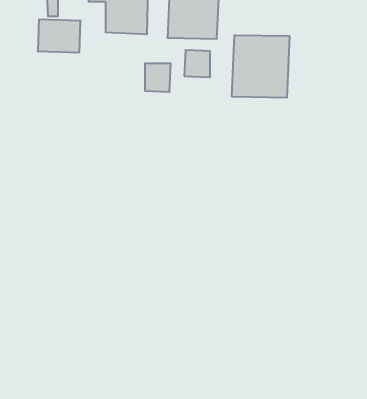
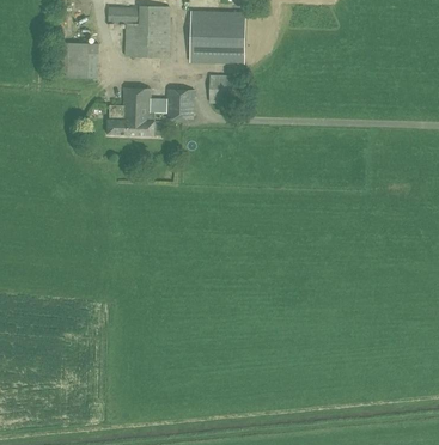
building: [232,35,290,98] -> none
building: none -> [106,86,154,133]

